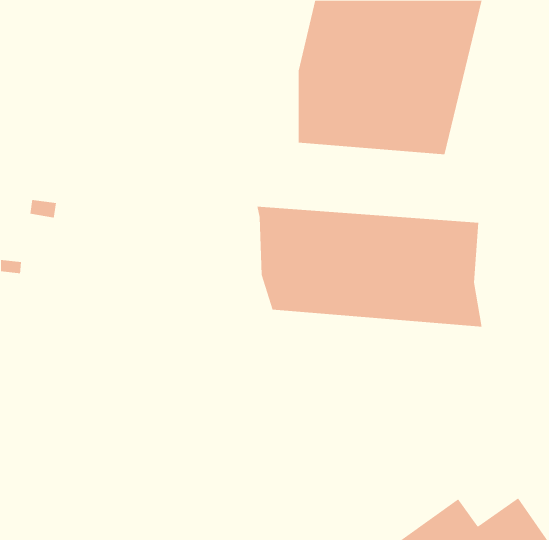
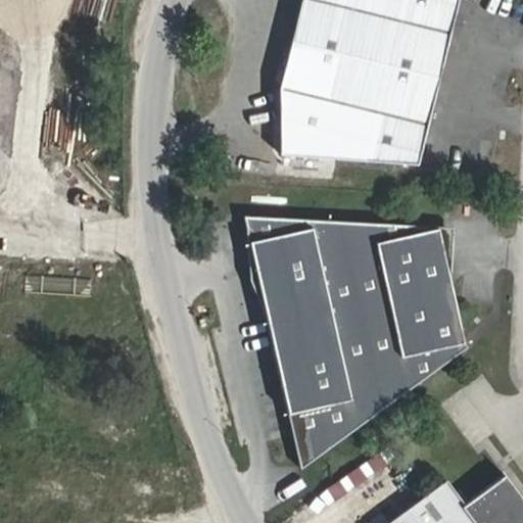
building: none -> [263,306,465,465]

